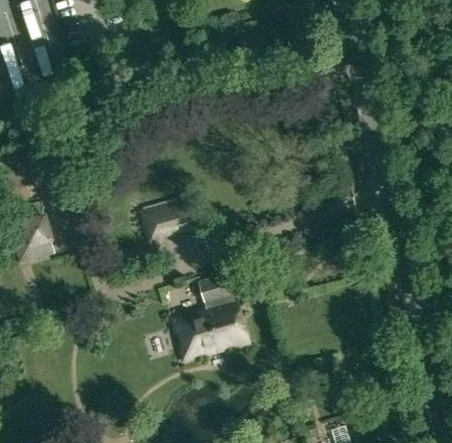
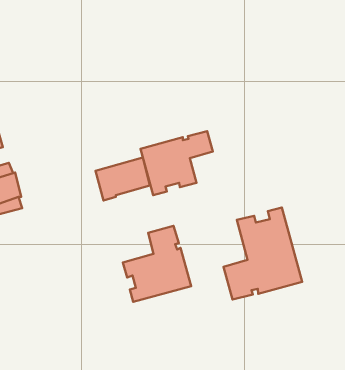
building: none -> [140,131,213,195]
building: none -> [224,207,302,300]

